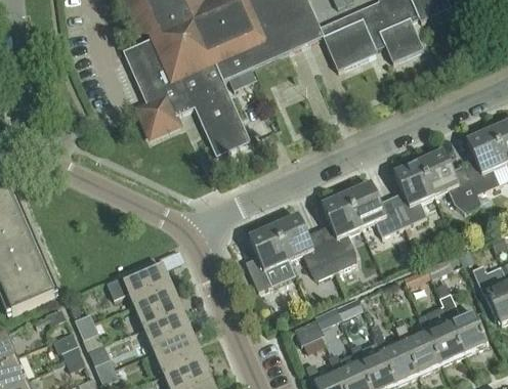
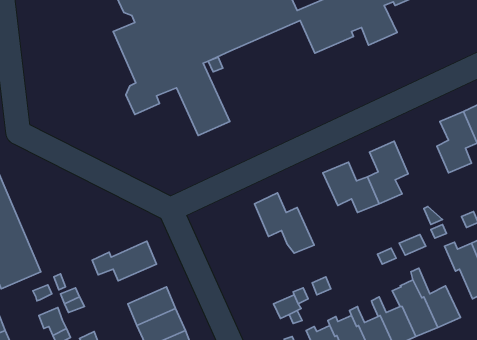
building: [420,150,480,211] -> none
building: [320,193,362,268] -> none
building: [247,225,290,290] -> none
building: [134,288,184,329] -> none

